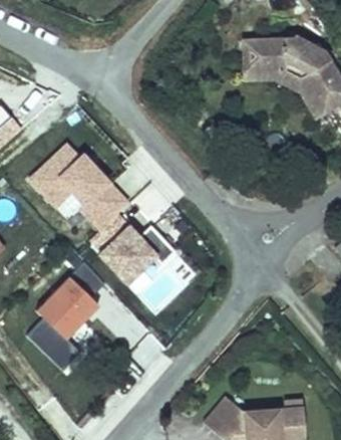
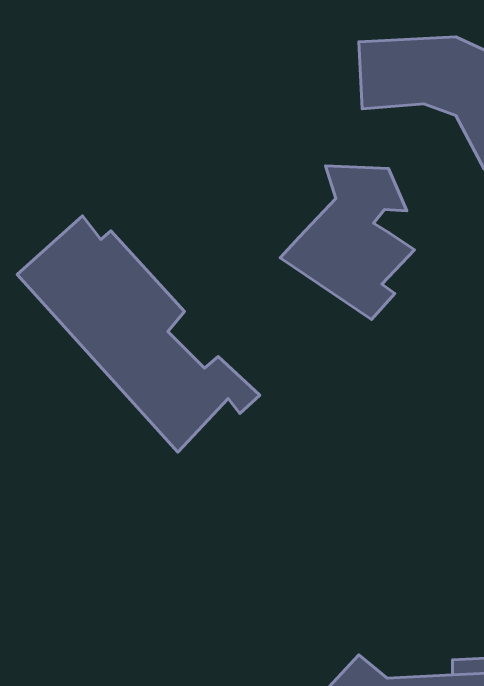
building: none -> [280,166,415,320]
building: [27,257,103,367] -> none

